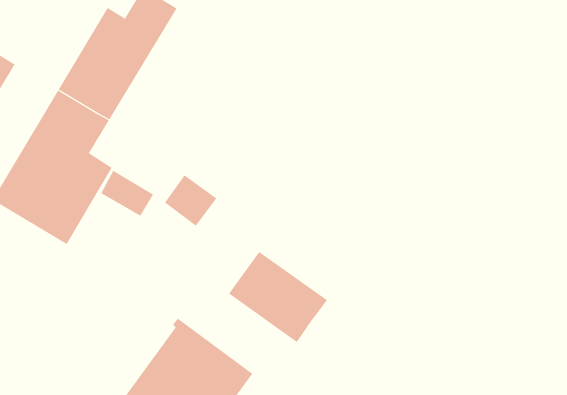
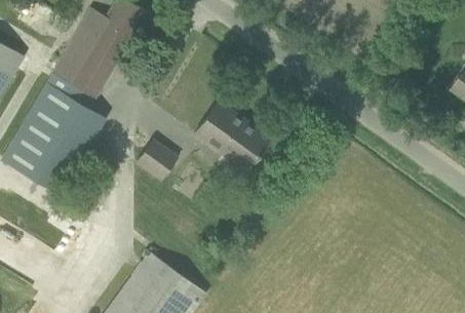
building: [100,170,154,217] -> none
building: [228,251,328,343] -> [193,101,270,171]

